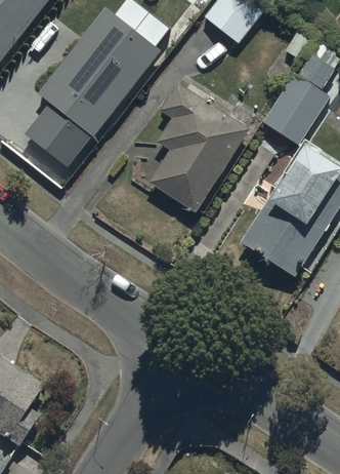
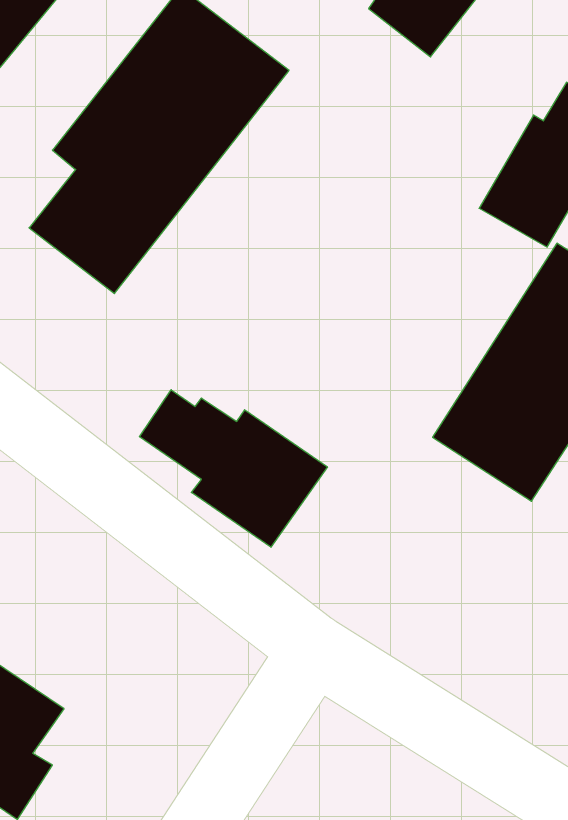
building: [148,81,251,212] -> none
building: none -> [139,390,327,547]

